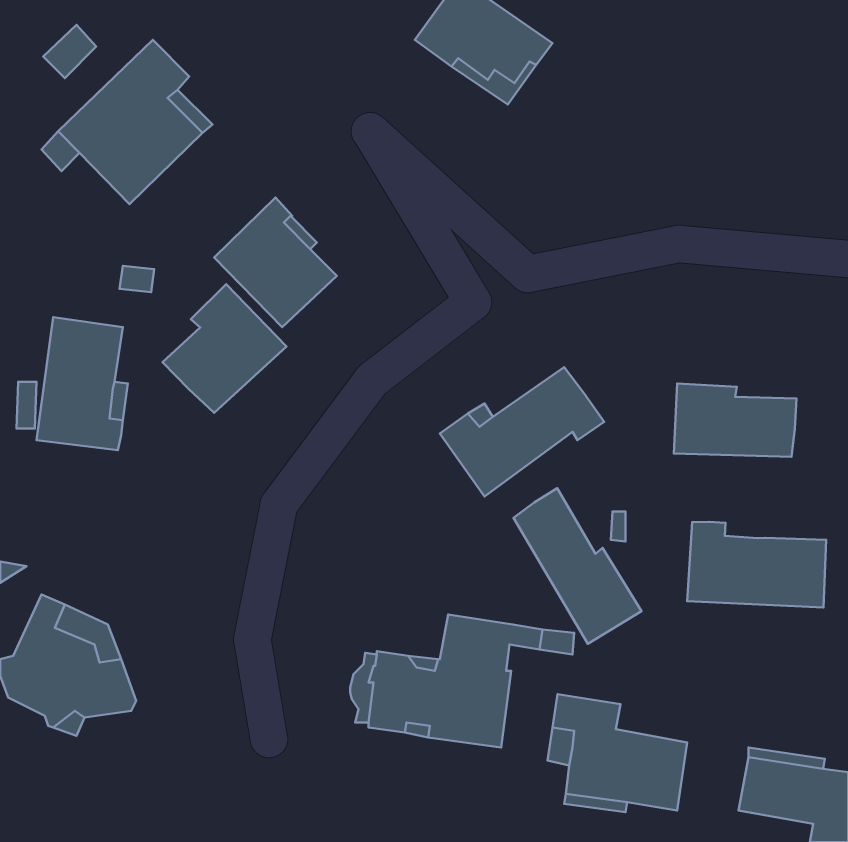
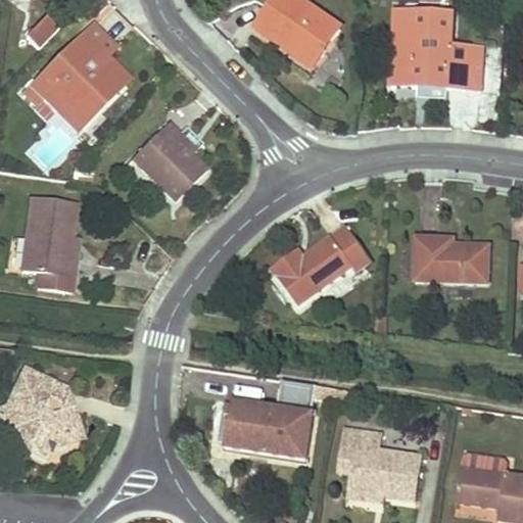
building: none -> [389,9,482,88]
building: [162,284,287,413] -> none
building: [514,488,641,644] -> none
building: [687,522,826,607] -> none

